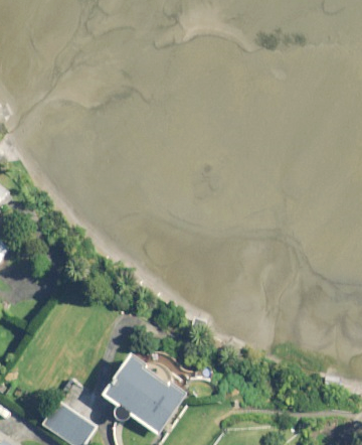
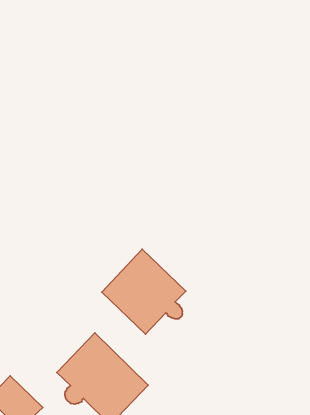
building: none -> [102,249,186,334]

